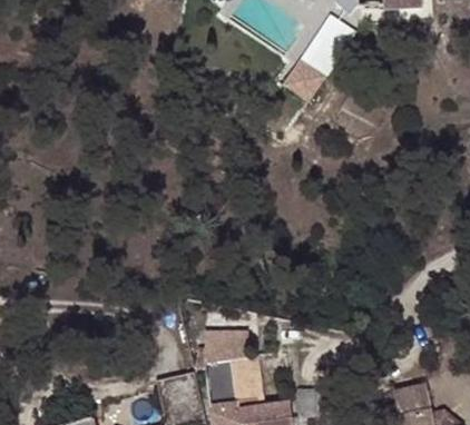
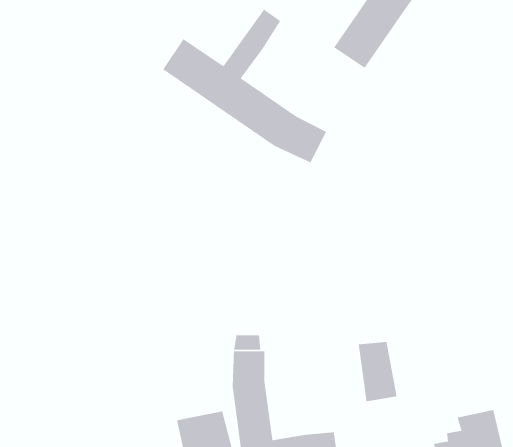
building: none -> [162,9,327,163]
building: [232,353,265,404] -> [358,341,398,402]

